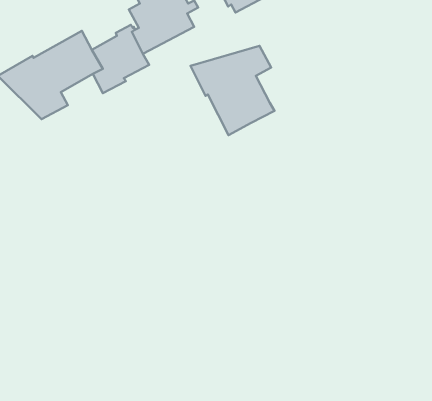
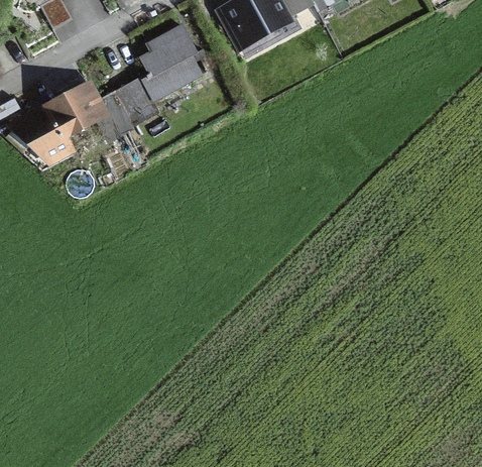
building: [190,46,275,135] -> none

